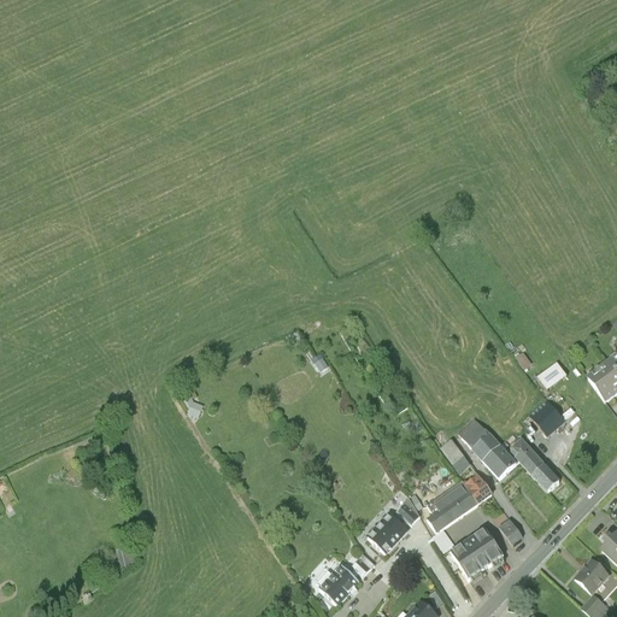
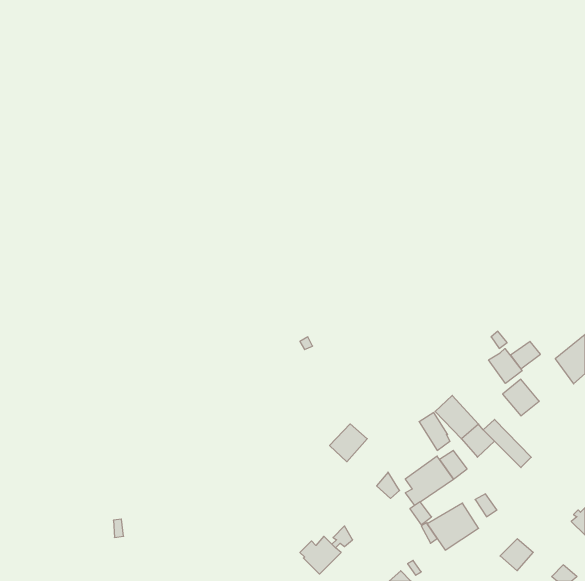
building: none -> [489,349,522,383]
building: [368,513,407,553] -> [330,424,367,462]
building: [574,559,609,593] -> [500,539,533,571]

